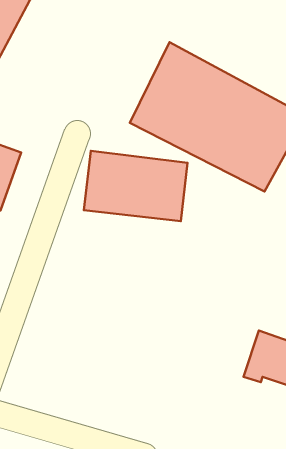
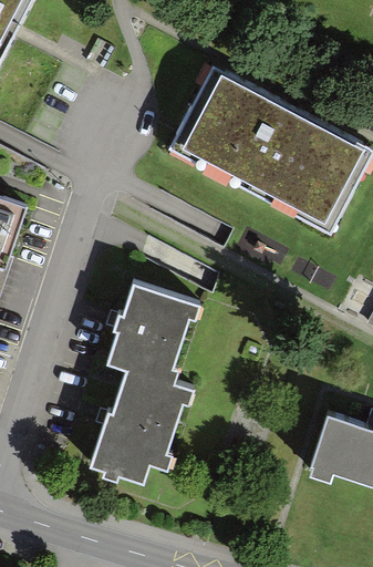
building: [84,151,188,221] -> none
building: none -> [90,285,198,486]

